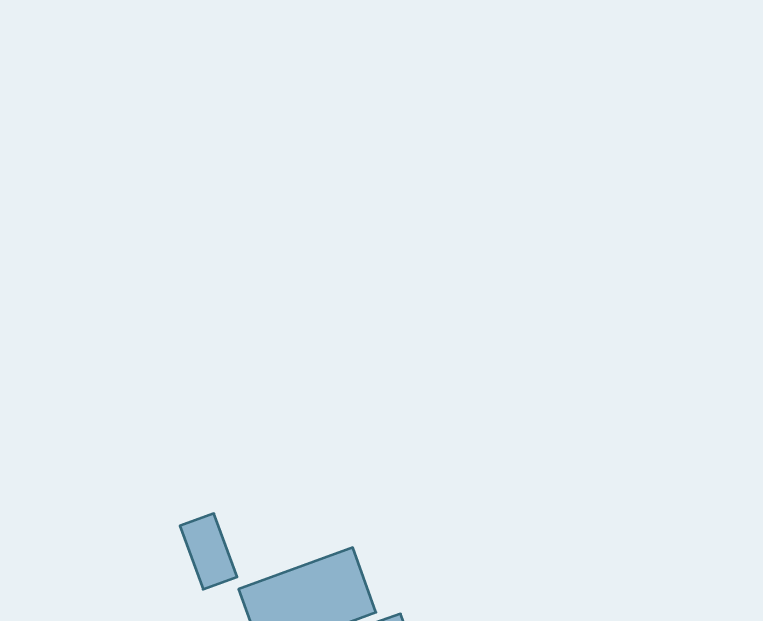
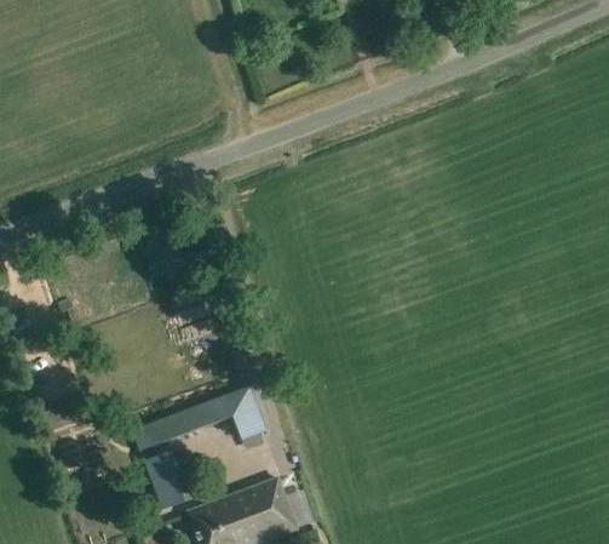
building: none -> [132,384,269,452]

